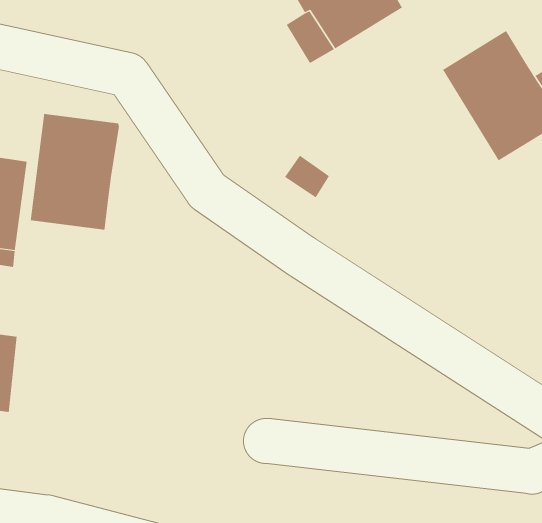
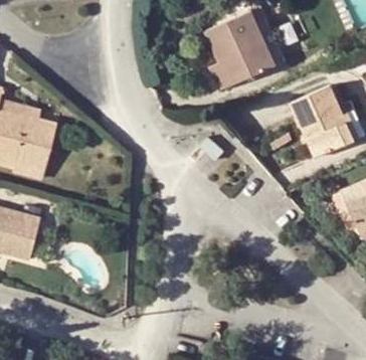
building: [30,113,119,230] -> none

